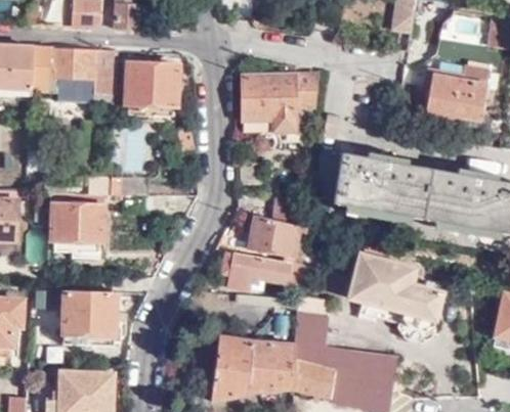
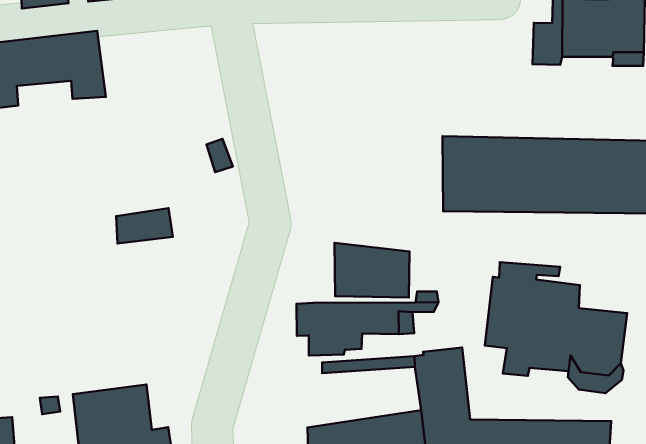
building: [126,62,180,121] -> none
building: [242,72,320,129] -> none
building: [47,190,104,257] -> none

